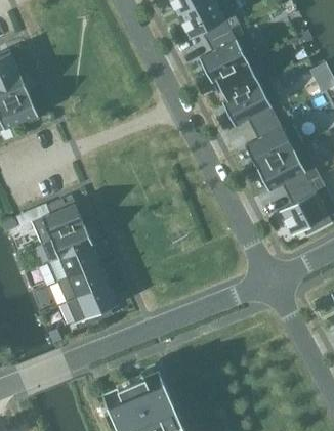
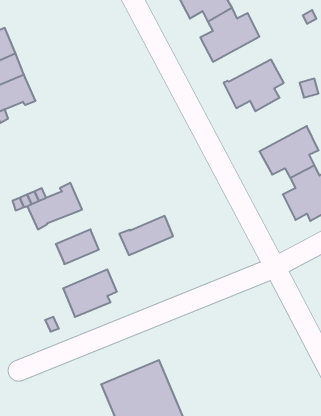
building: [211,57,267,101] -> none
building: [244,117,302,169] -> none
building: [50,225,92,259] -> none
building: [56,264,109,302] -> [119,216,173,255]

